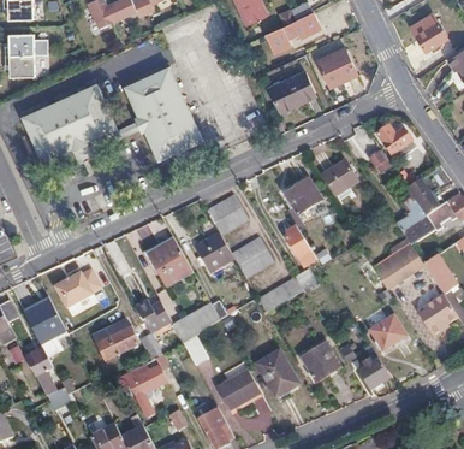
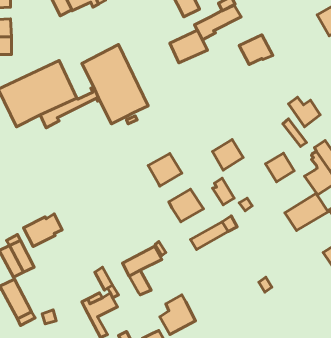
building: [269,71,315,111] -> [170,30,207,63]
building: [322,160,357,195] -> [266,153,294,182]
building: [194,231,234,274] -> none
building: [148,236,194,285] -> none
building: [370,314,408,349] -> none
building: [93,319,138,360] -> none
building: [303,342,341,380] -> none
building: [260,349,299,392] -> none
building: [359,358,391,389] -> none

